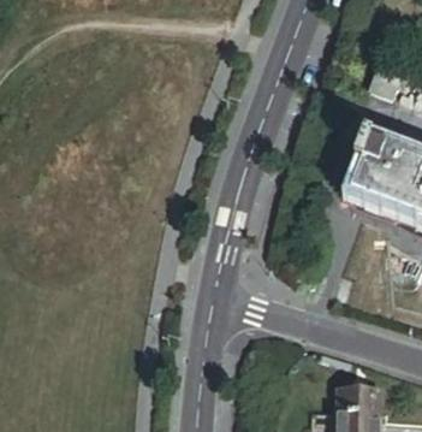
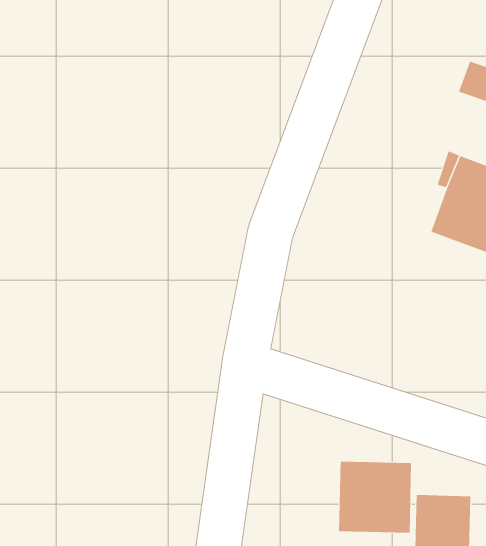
building: none -> [339,461,412,534]

